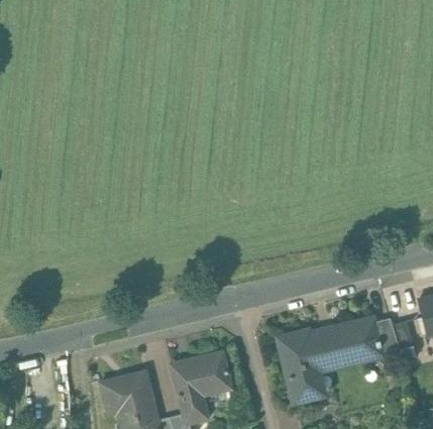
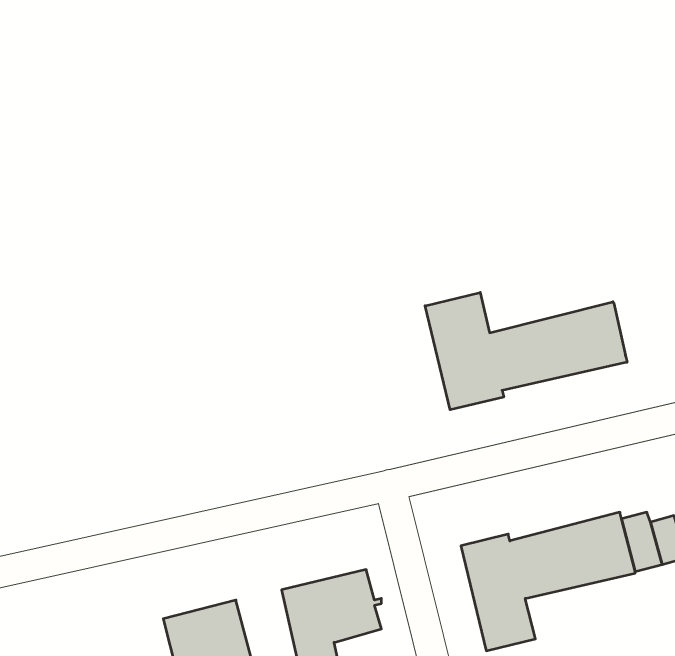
building: none -> [425,292,627,410]

